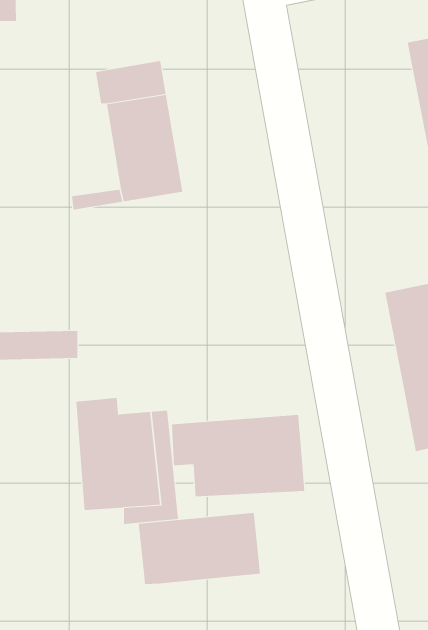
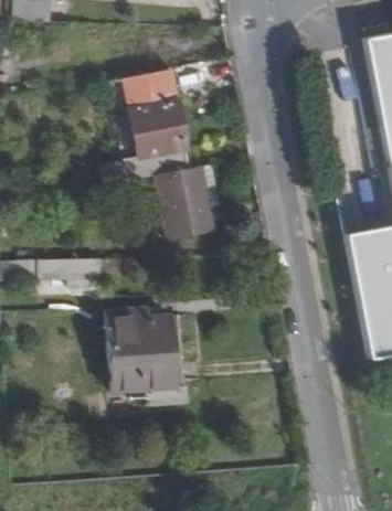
building: none -> [145,153,218,244]
building: [171,414,305,497] -> none
building: [138,512,260,585] -> none

